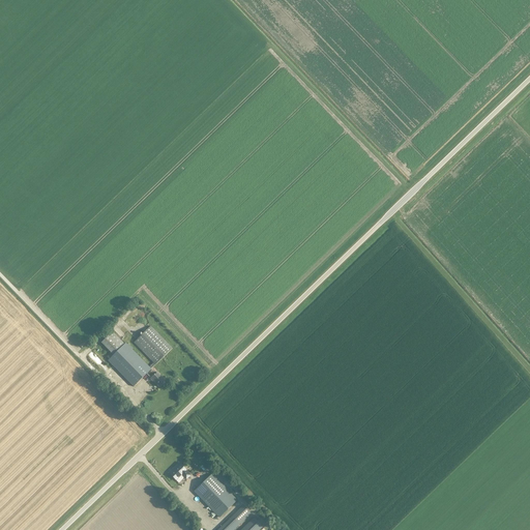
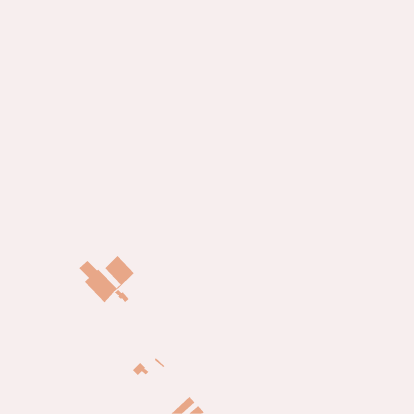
building: [194,474,237,518] -> none

